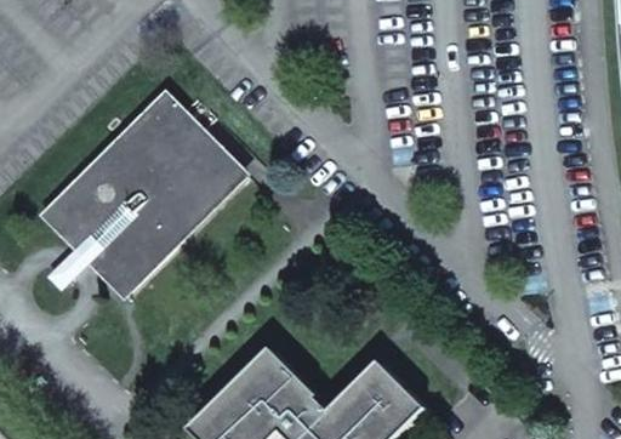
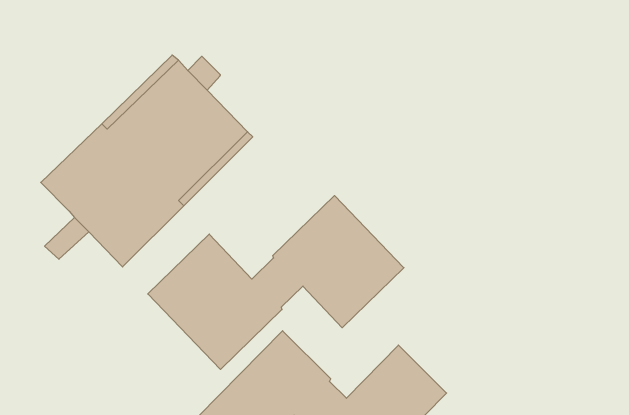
building: none -> [148,196,404,369]

